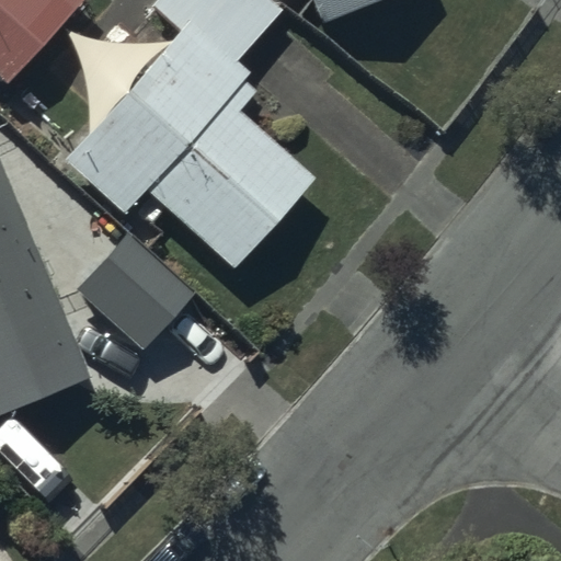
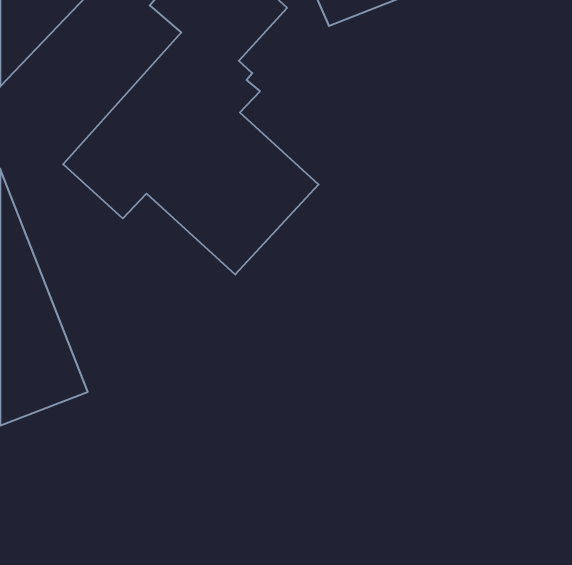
building: [75,229,195,350] -> none

